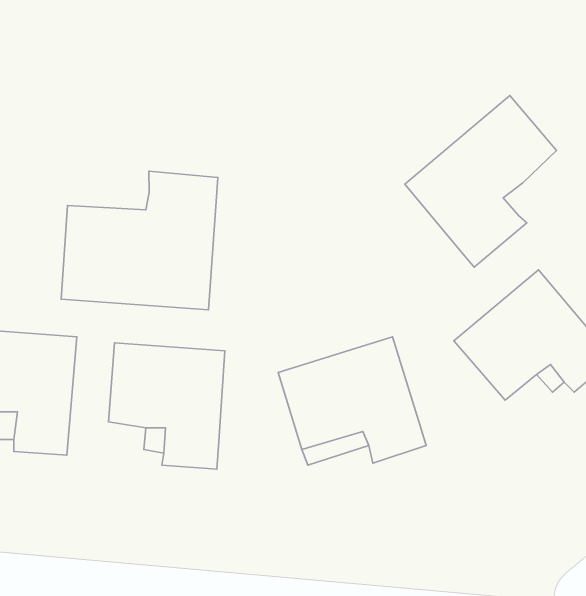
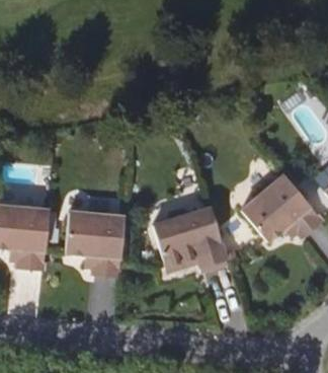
building: [405,96,557,267] -> none
building: [61,171,218,310] -> none

